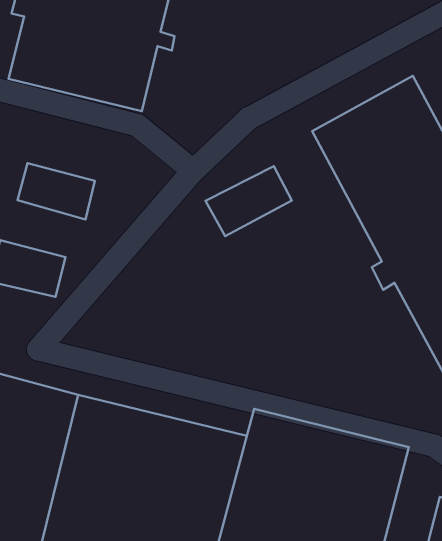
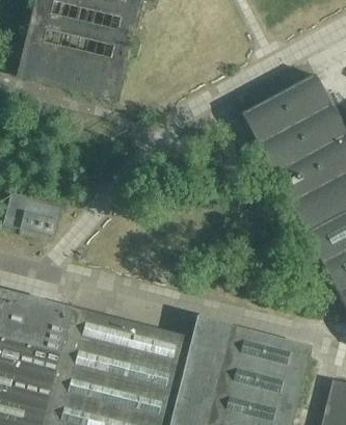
building: [18,163,95,219] -> none
building: [205,166,292,236] -> none

